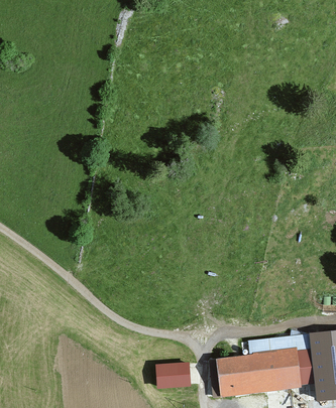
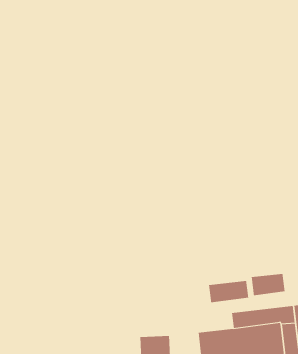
building: none -> [251,273,285,296]
building: none -> [209,280,249,303]

